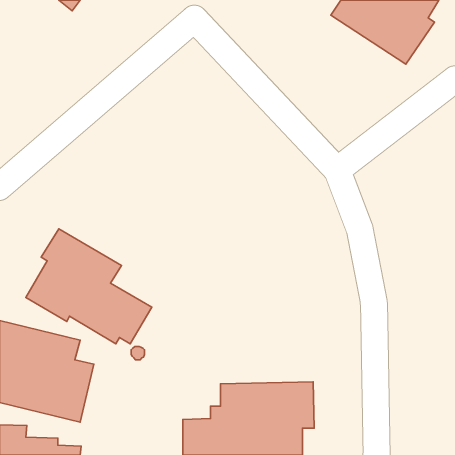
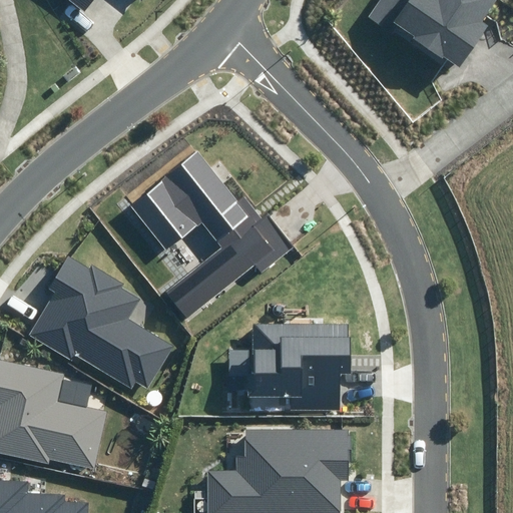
building: none -> [147,151,290,316]
building: none -> [227,322,350,411]

